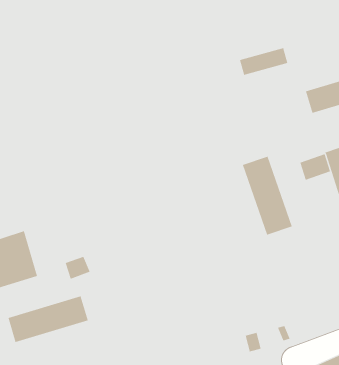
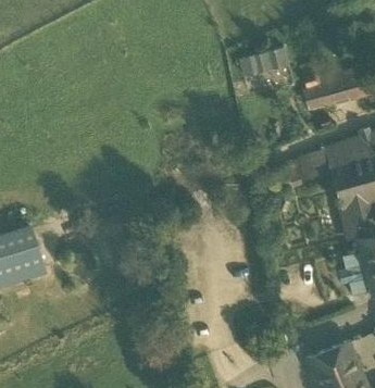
building: [242,156,292,236] -> none
building: [8,295,89,343] -> none

